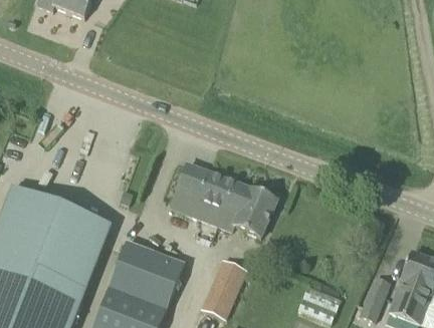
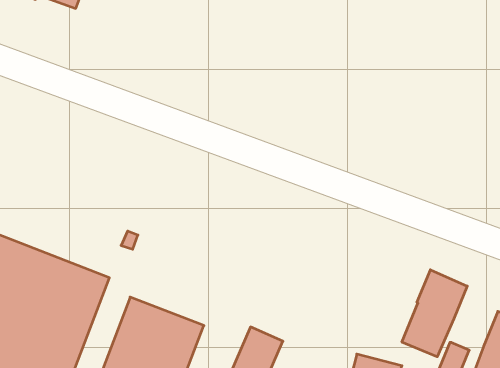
building: [171,162,277,236] -> none
building: none -> [402,270,467,357]

